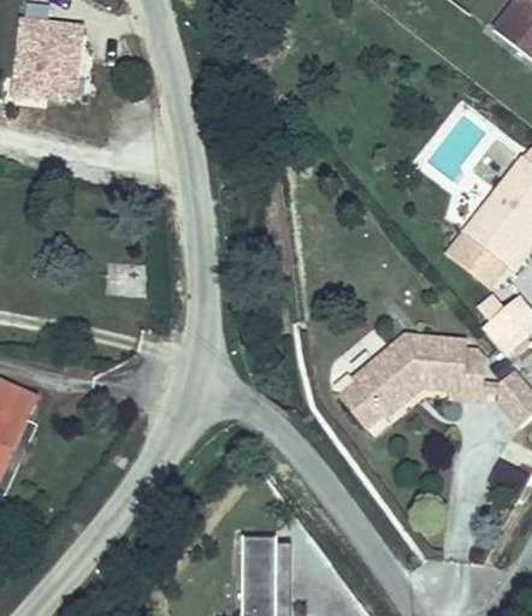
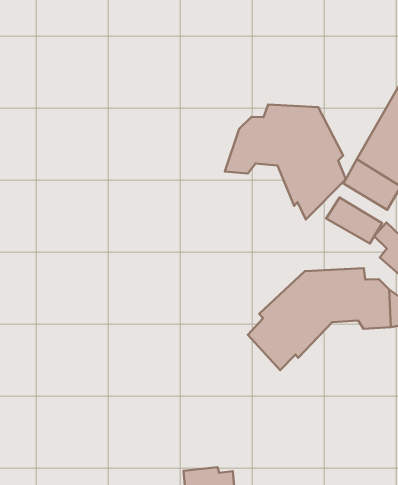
building: none -> [225,104,346,220]
building: none -> [326,198,382,244]

